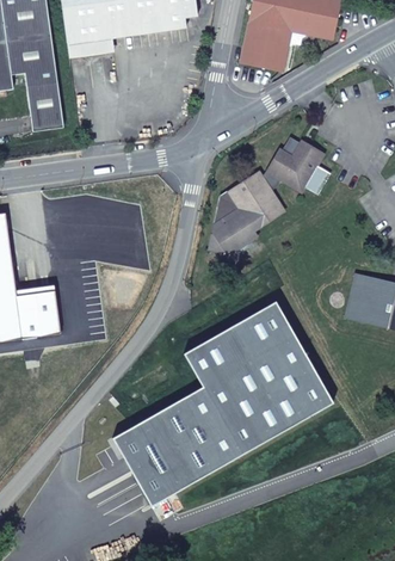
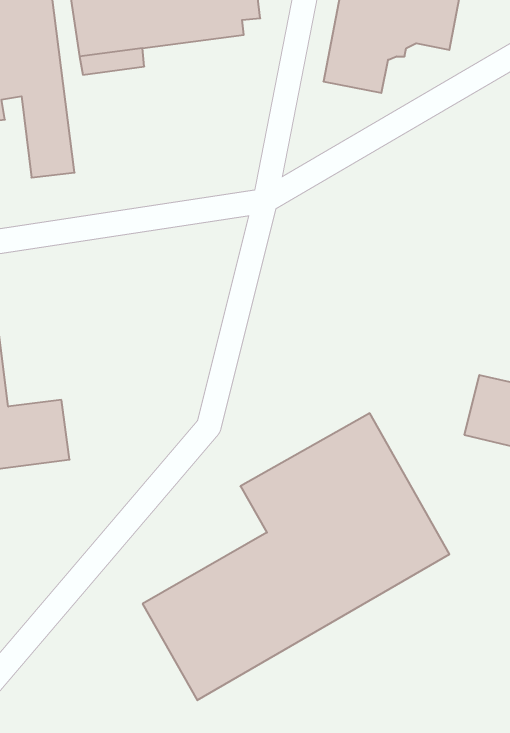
building: [209,138,328,252] -> none

